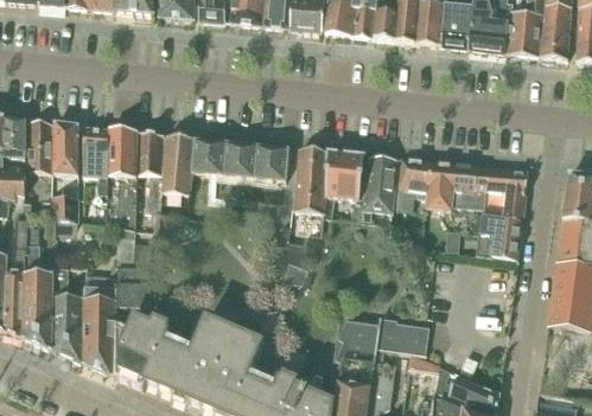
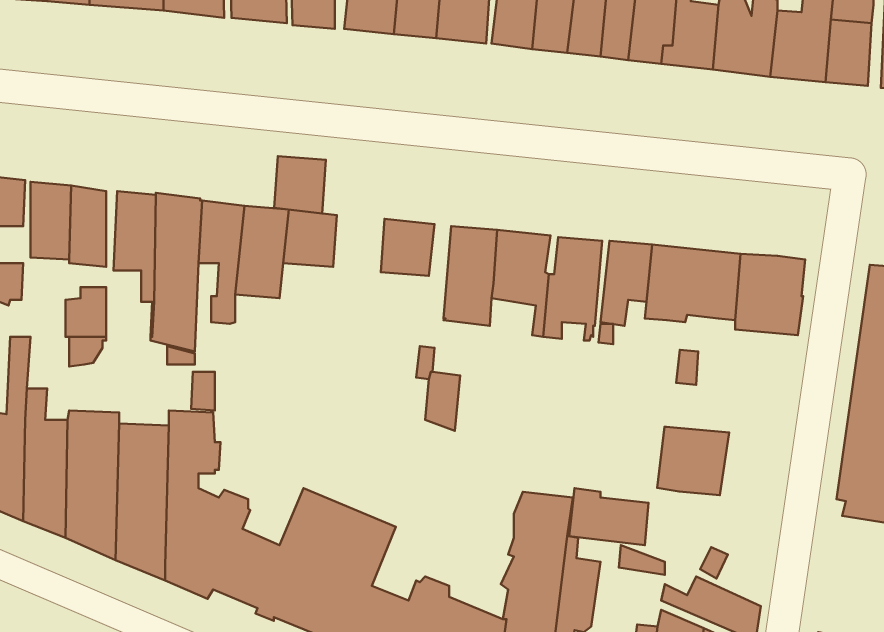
building: [224,140,257,177] -> [274,156,326,213]
building: [477,213,523,257] -> [657,427,729,495]

